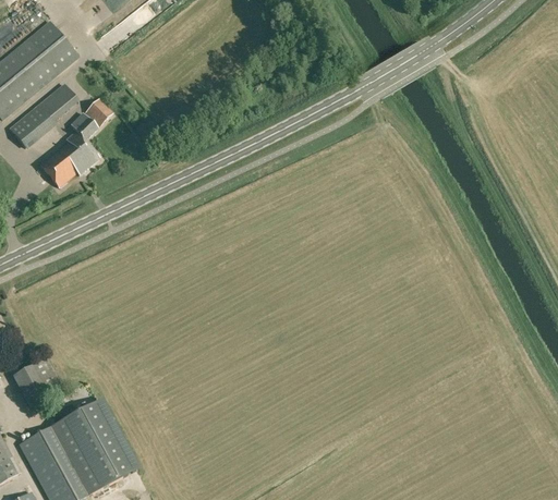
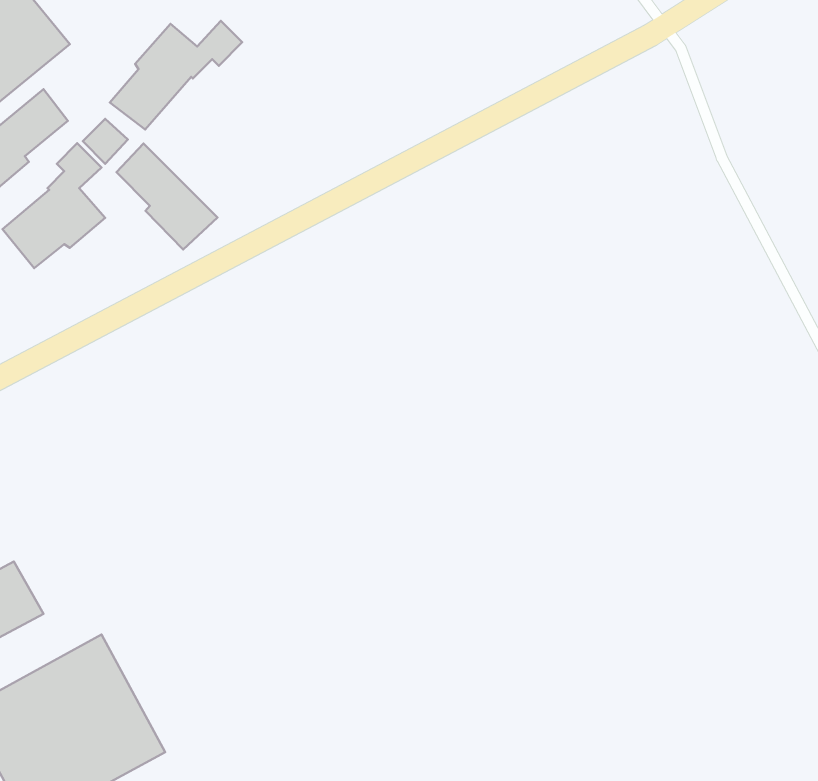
building: none -> [110,21,242,130]
building: none -> [116,144,217,250]

